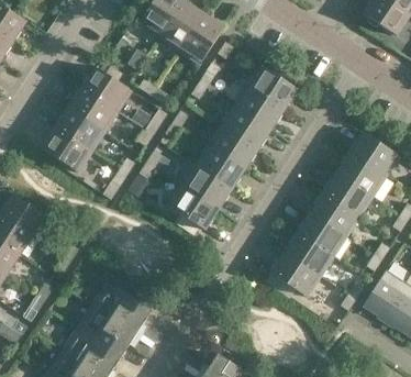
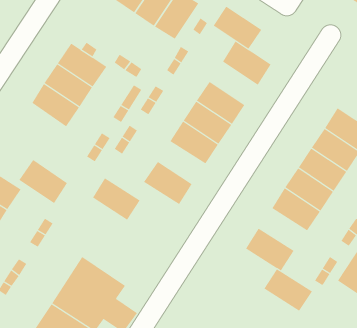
building: [234,85,284,129] -> [213,6,262,50]
building: [42,126,91,171] -> [18,159,68,204]
building: [182,165,231,208] -> [92,178,141,220]
building: [284,232,333,275] -> [263,269,313,311]

